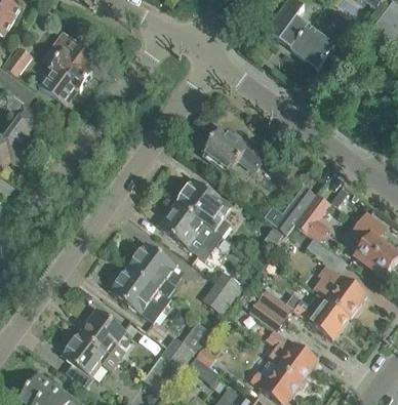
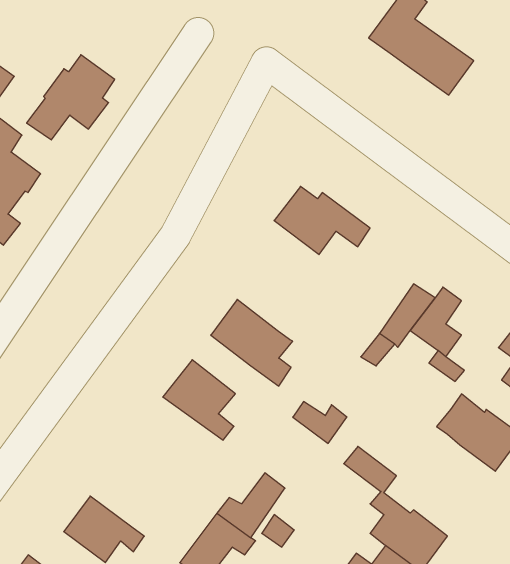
building: [177,178,232,235] -> none
building: [111,267,170,322] -> none
building: [201,280,238,315] -> none
building: [257,288,349,339] -> none
building: [80,309,125,359] -> none

